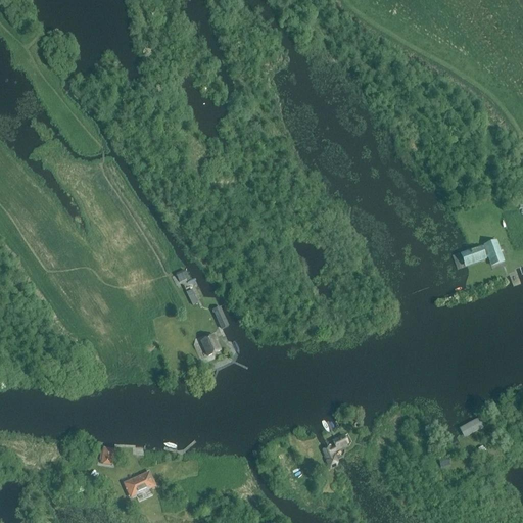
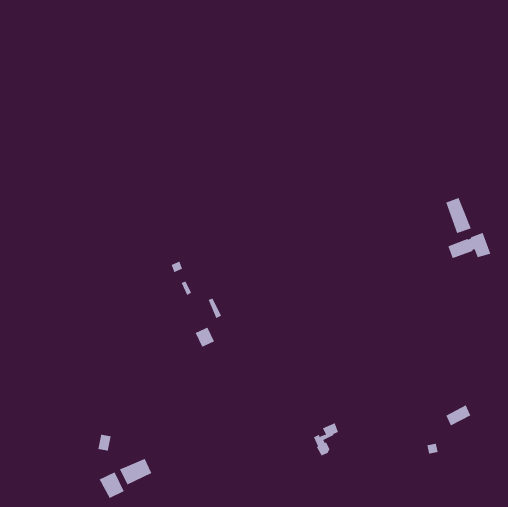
building: none -> [445,197,472,234]
building: none -> [99,472,124,499]

